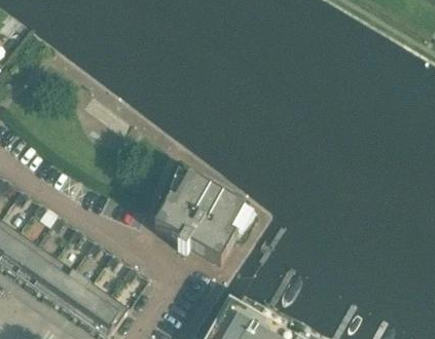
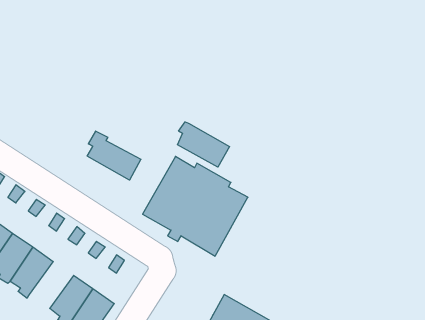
building: none -> [177,122,230,167]
building: none -> [87,131,141,180]
building: [50,268,90,313] -> none

